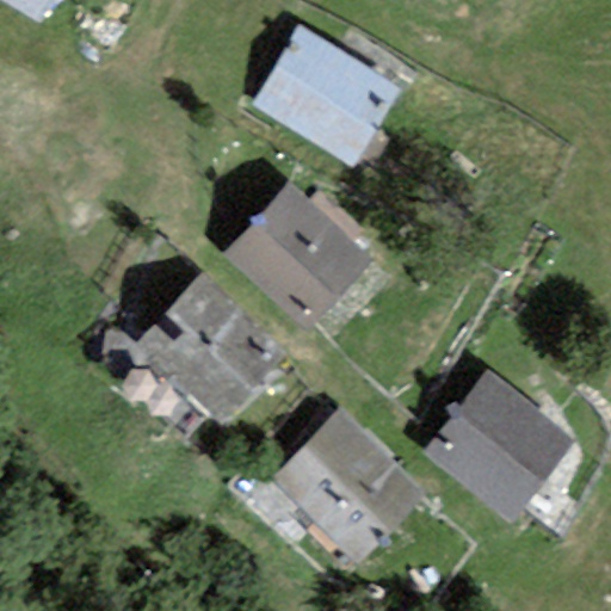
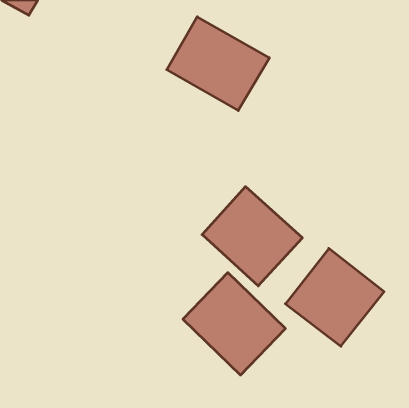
building: [223,183,372,331] -> [202,187,302,286]
building: [136,272,286,421] -> none

